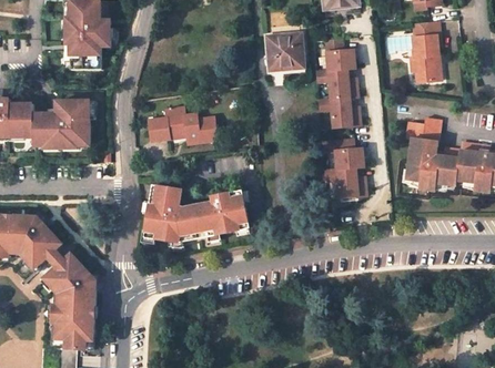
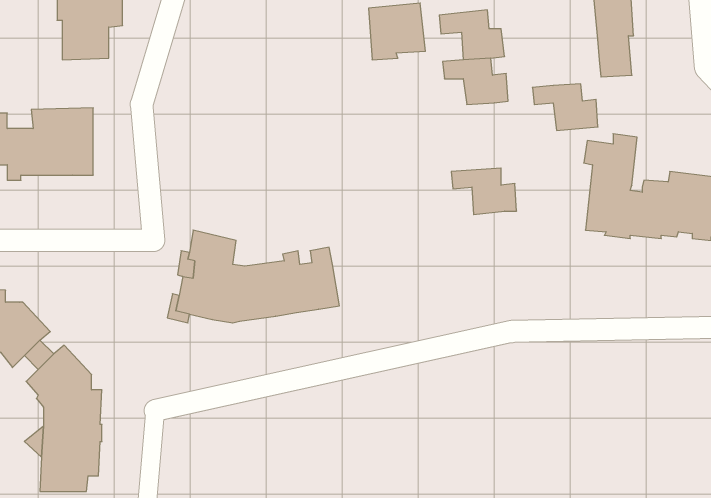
building: [316,98,358,127] -> [532,84,598,130]
building: [148,106,216,145] -> none
building: [323,167,364,198] -> none

